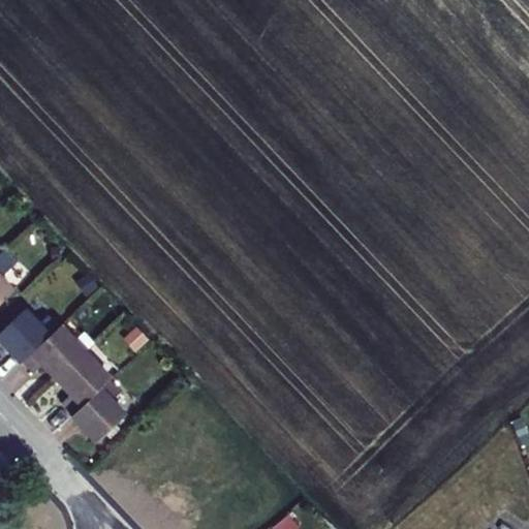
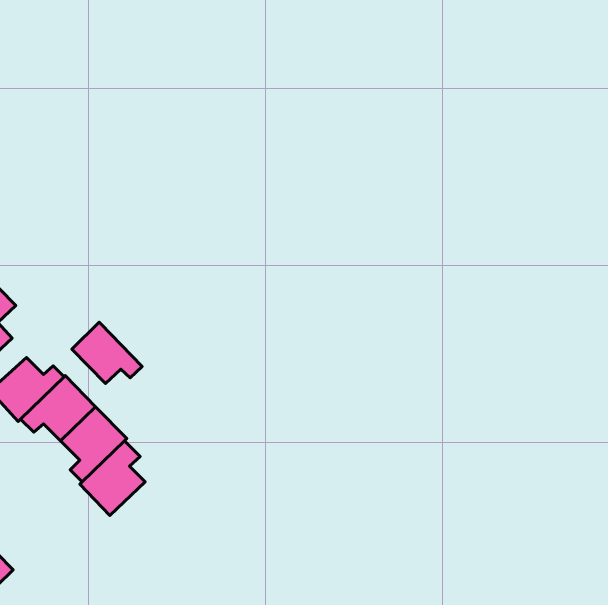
building: none -> [72,322,142,383]

